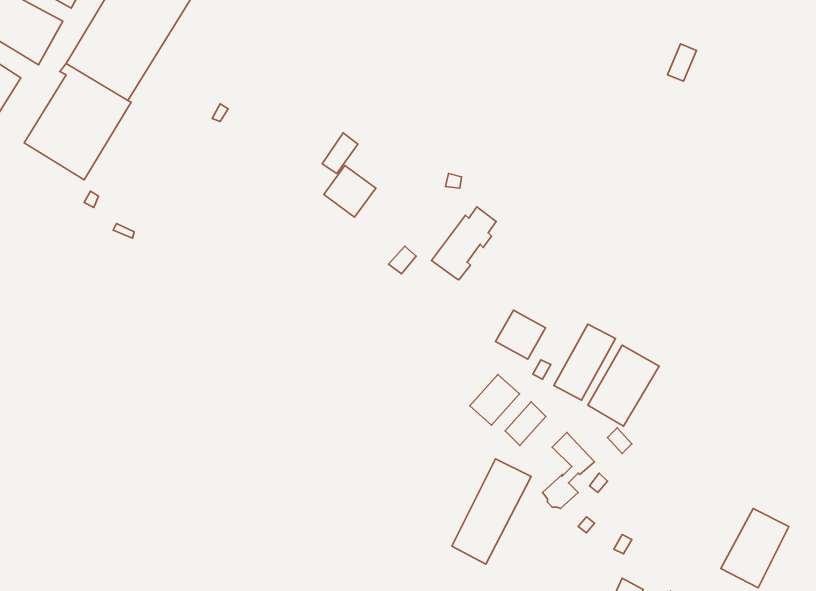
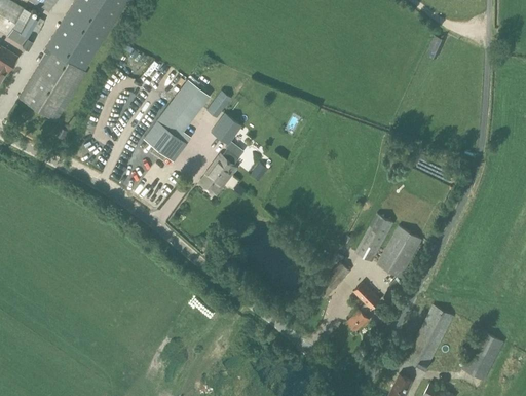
building: none -> [144,79,210,160]
building: [431,207,496,280] -> [199,148,240,194]
building: [496,310,546,359] -> none
building: [470,375,520,425] -> none
building: [452,459,531,564] -> [405,303,455,370]

